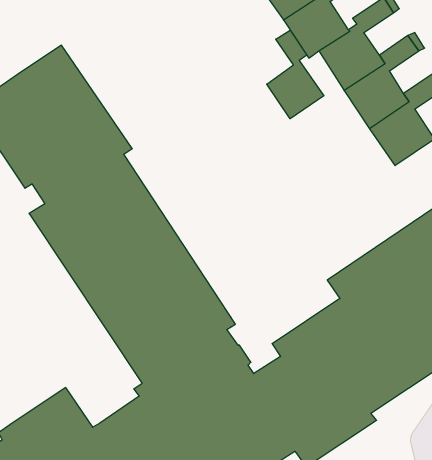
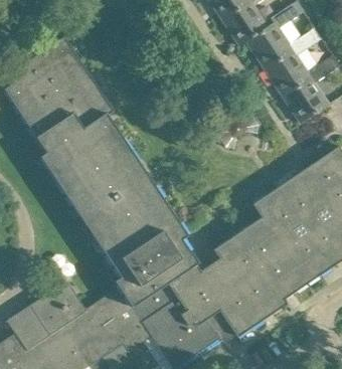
building: [267,30,324,119] -> none

